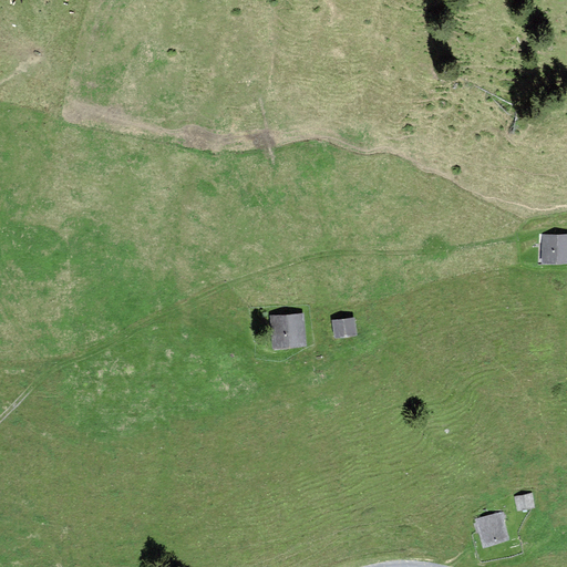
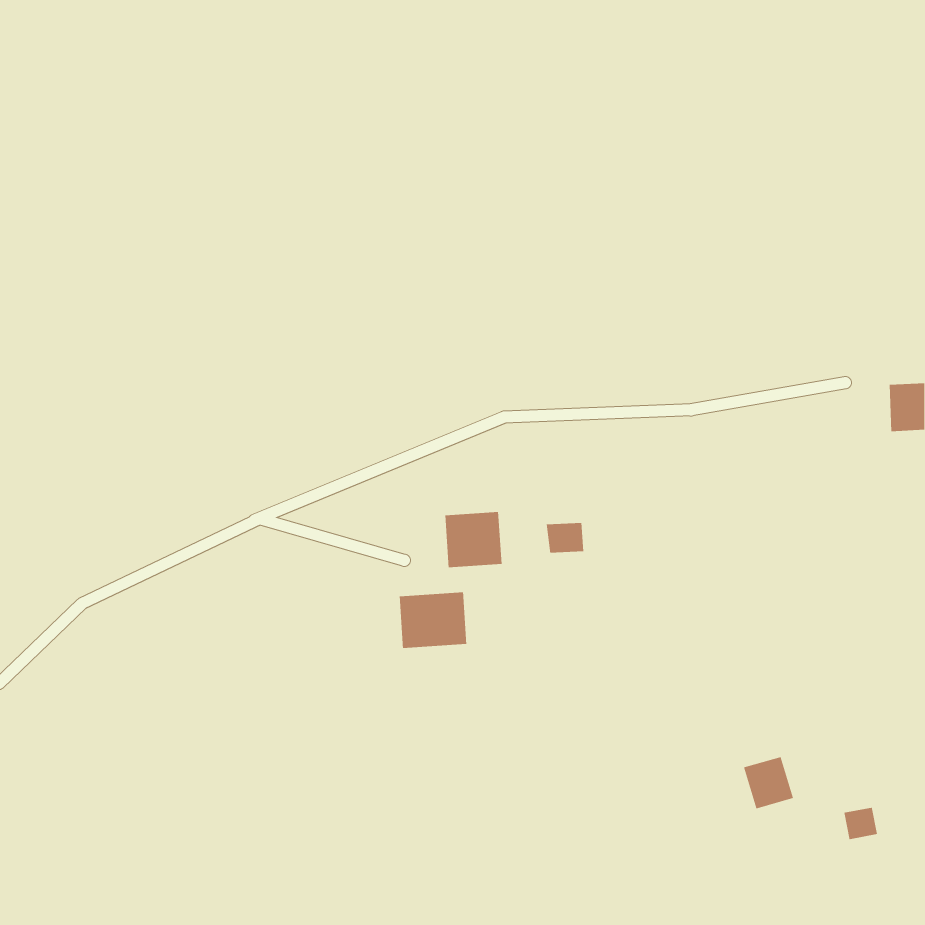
building: none -> [399,591,467,649]
building: [475,512,506,544] -> [743,756,794,809]

